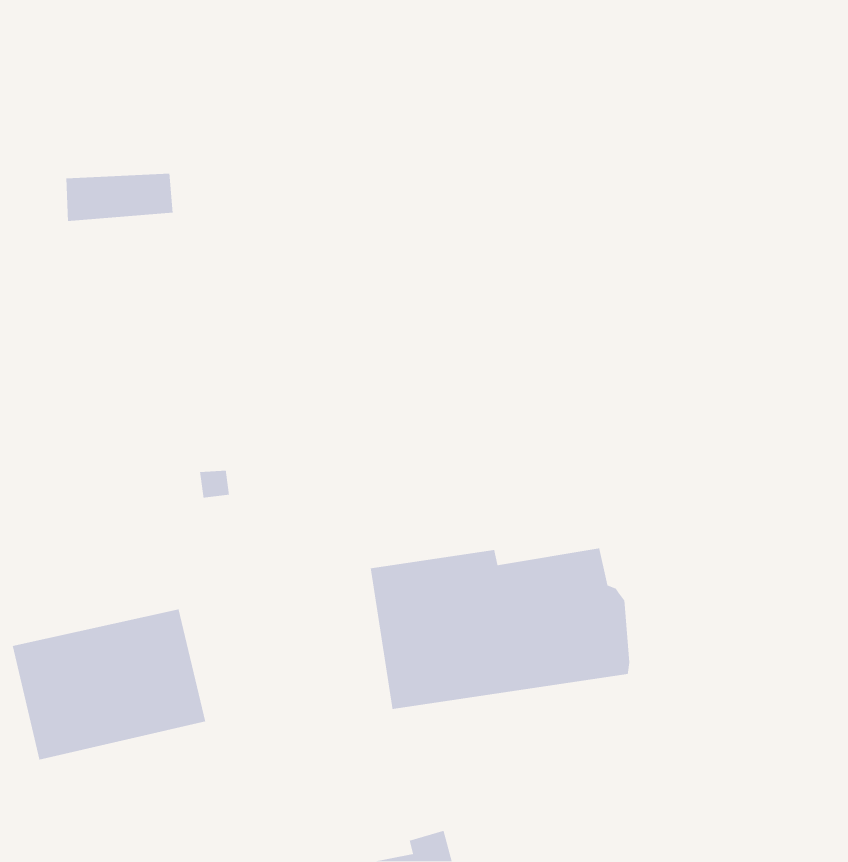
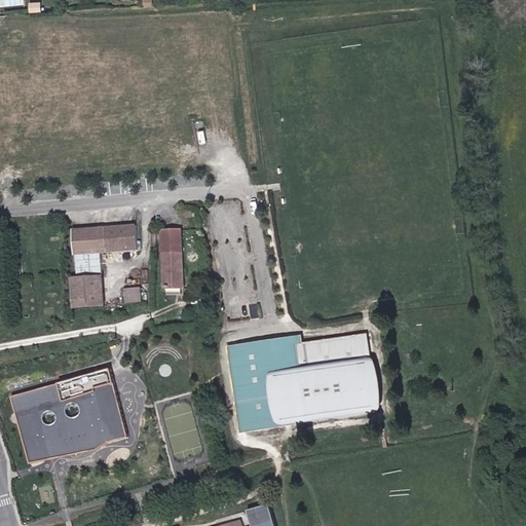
building: [65,173,174,222] -> [70,224,136,254]
building: none -> [158,228,183,288]
building: none -> [69,275,103,307]

